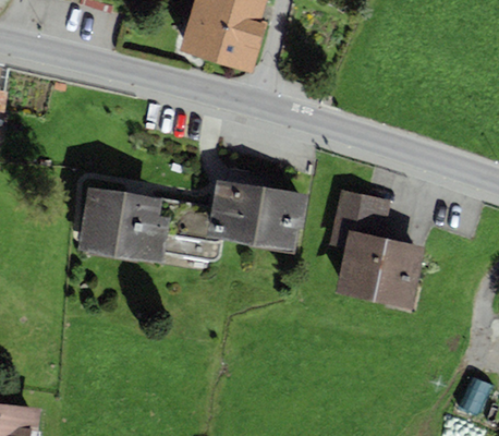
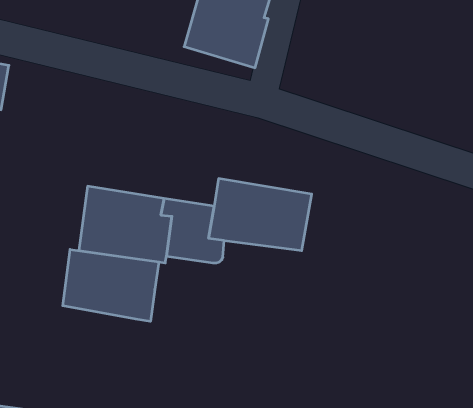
building: [328,190,423,307] -> none
building: none -> [63,249,159,321]

